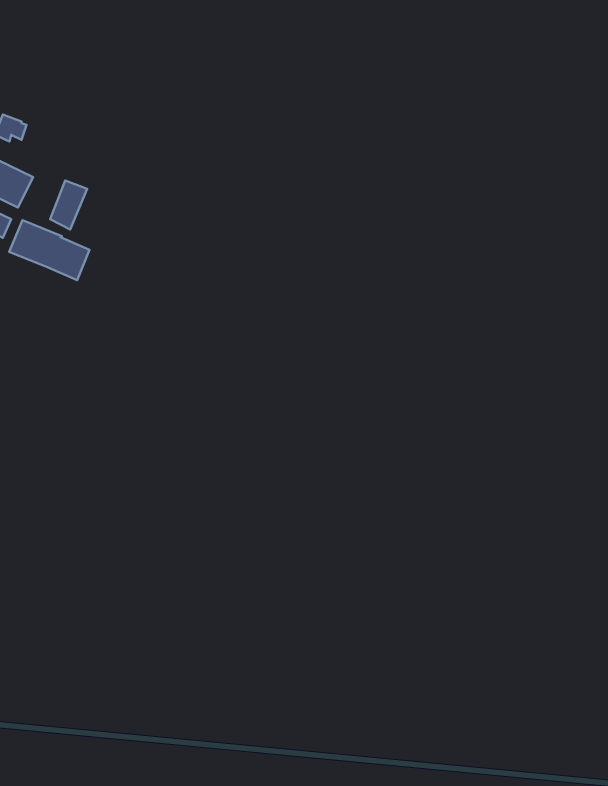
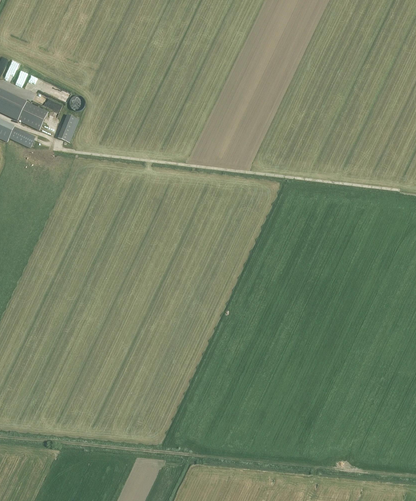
building: [9,220,89,280] -> none

